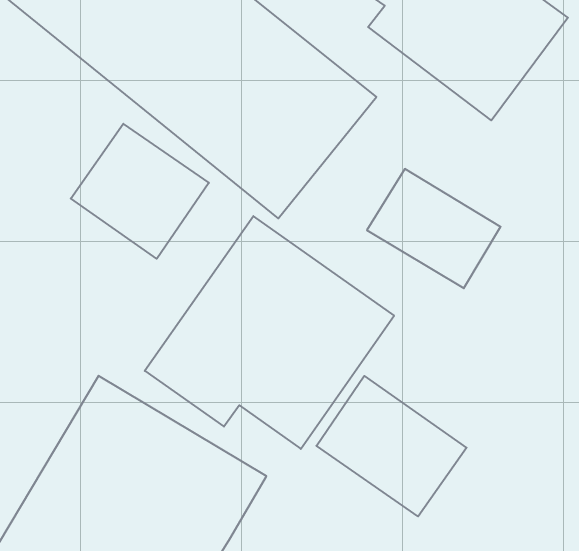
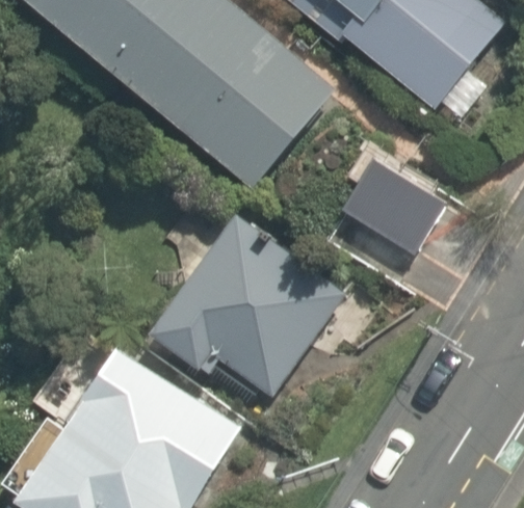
building: [71,124,209,259] -> none
building: [316,376,467,516] -> none

